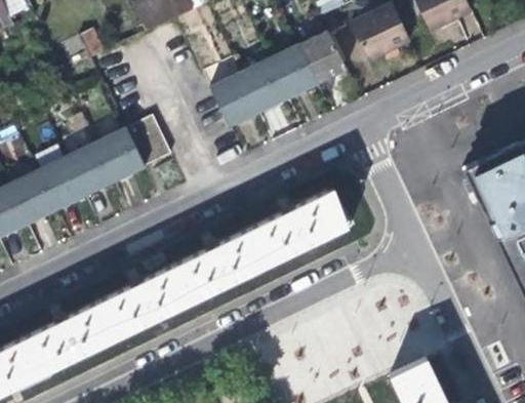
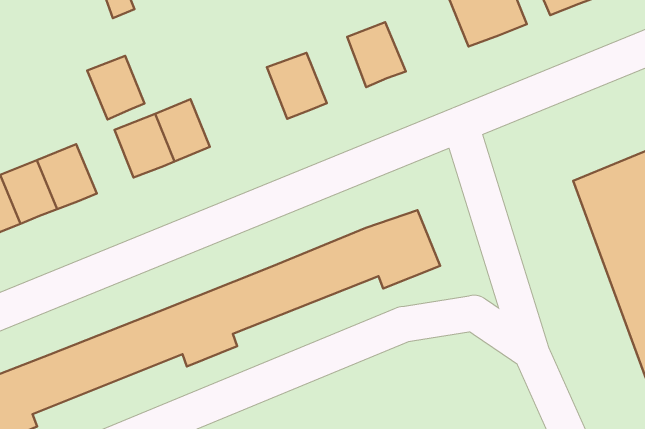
building: [301,32,350,83] -> none
building: [242,59,290,112] -> none
building: [69,144,115,194] -> [87,56,144,120]

